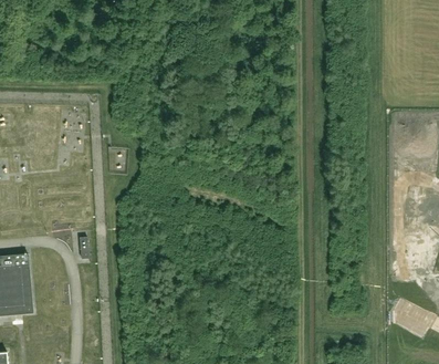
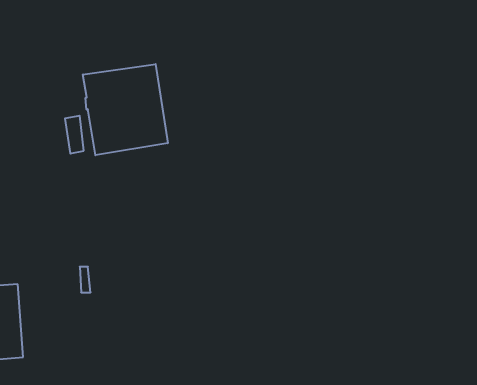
building: none -> [83,64,168,155]

